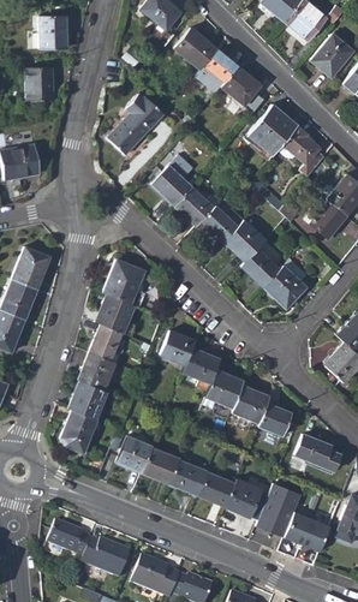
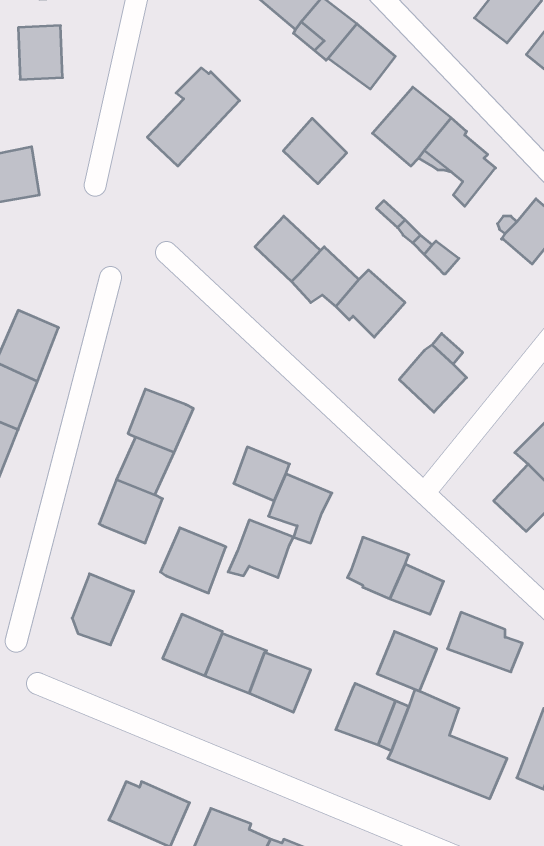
building: [153,163,192,204] -> [283,118,347,184]
building: [310,199,347,238] -> none
building: [243,250,280,287] -> none
building: [102,257,145,303] -> none
building: [203,370,244,406] -> [228,520,293,578]
building: [67,379,108,419] -> [160,528,226,593]
building: [198,469,235,506] -> [377,631,437,691]
building: [50,520,94,558] -> none

